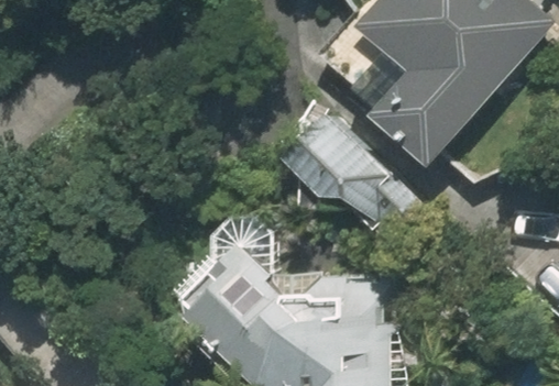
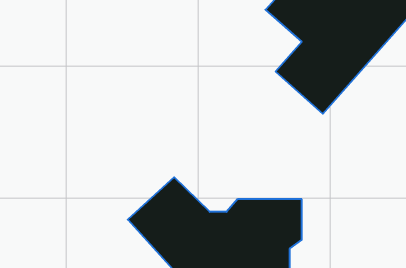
building: [277,108,430,255] -> none

